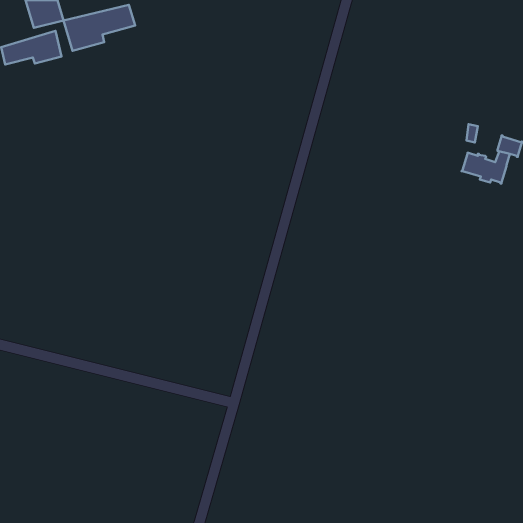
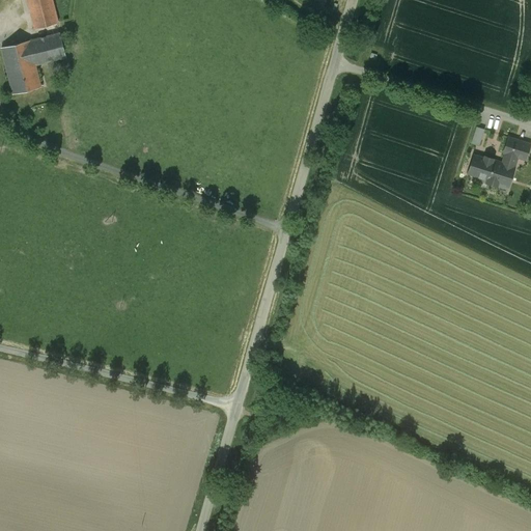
building: [64,5,135,51] -> none
building: none -> [5,59,40,94]

